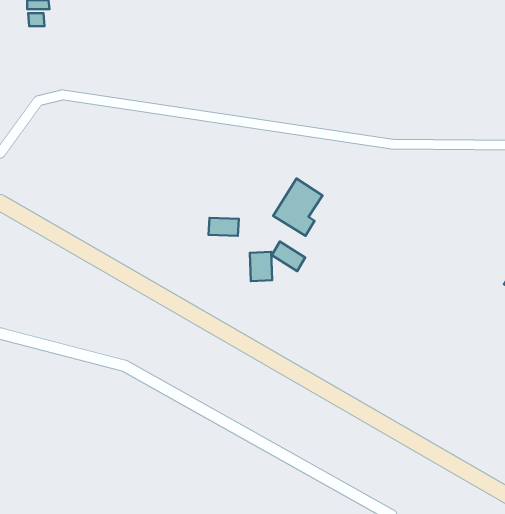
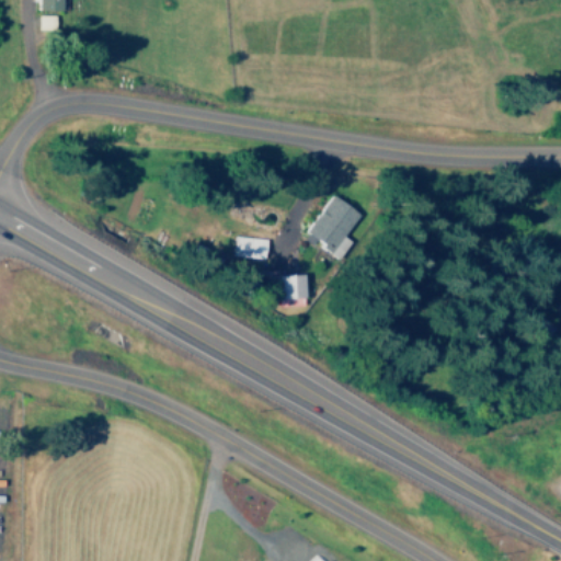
building: [272,242,305,271] -> none

